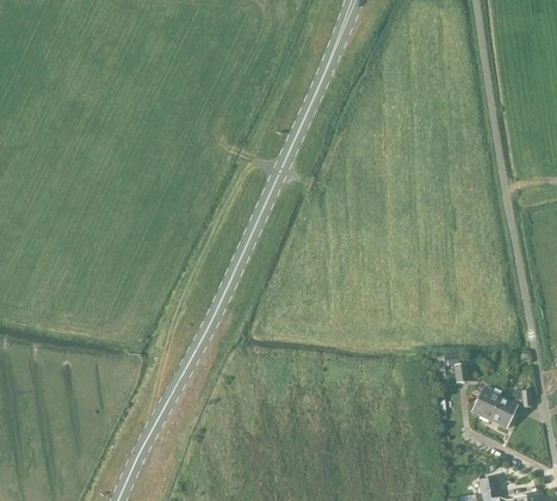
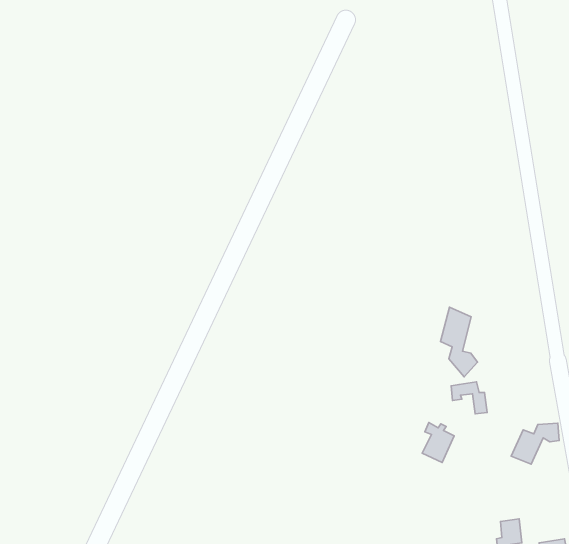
building: none -> [440,307,477,377]
building: [471,384,500,420] -> [422,423,454,463]

